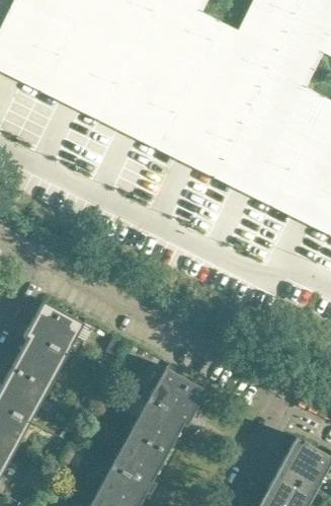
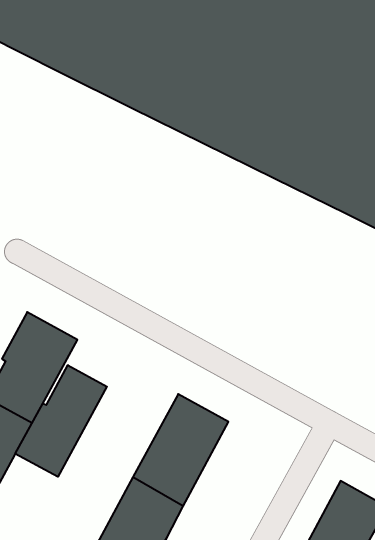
building: none -> [15,365,107,477]

